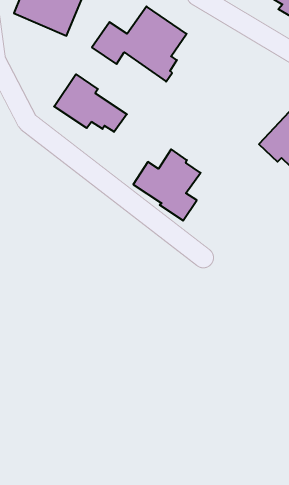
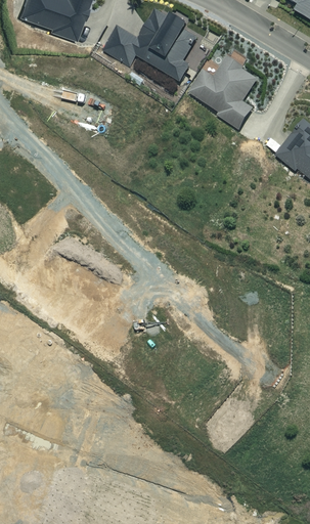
building: [54,74,127,132] -> none
building: [133,149,201,221] -> [186,53,257,128]

